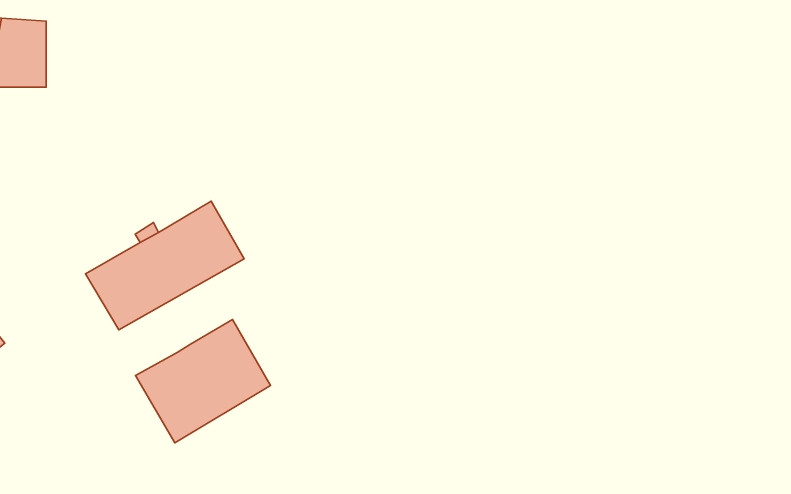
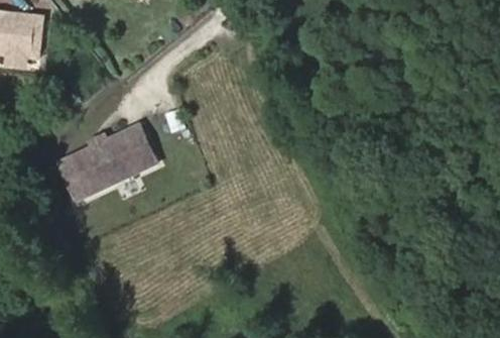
building: [136,320,270,443] -> none

